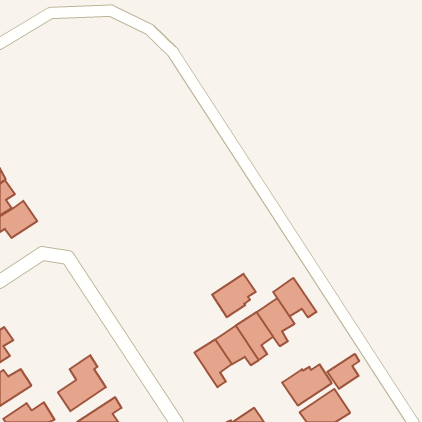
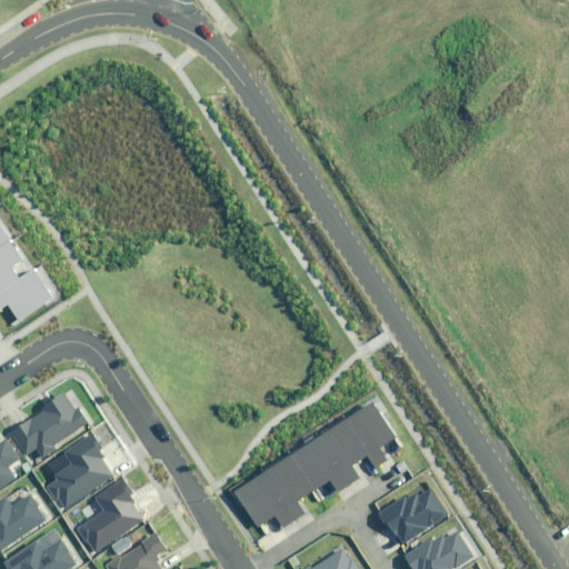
building: [212,274,256,317] -> none
building: [273,278,317,317] -> none
building: none -> [11,393,89,459]
building: none -> [50,436,109,508]
building: none -> [233,475,292,528]
building: [327,354,359,389] -> none

